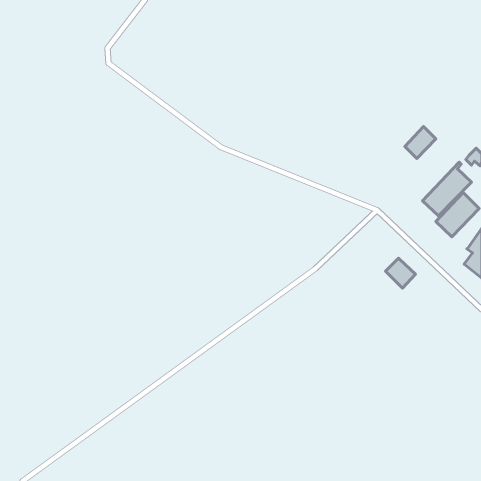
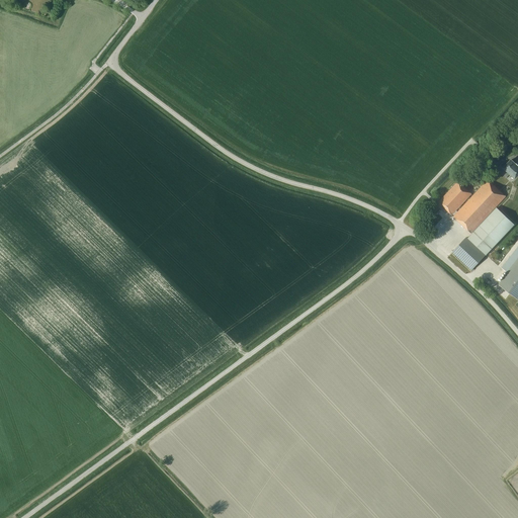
building: [405,127,436,159] -> [439,180,472,214]
building: [385,258,416,288] -> [453,237,486,269]

